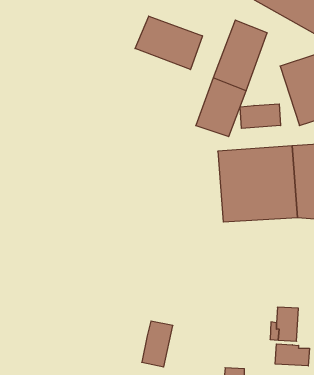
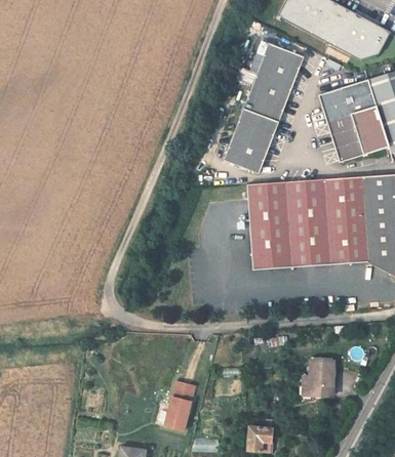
building: [135,16,202,70] -> none
building: [240,104,281,128] -> none
building: [275,344,309,366] -> none

